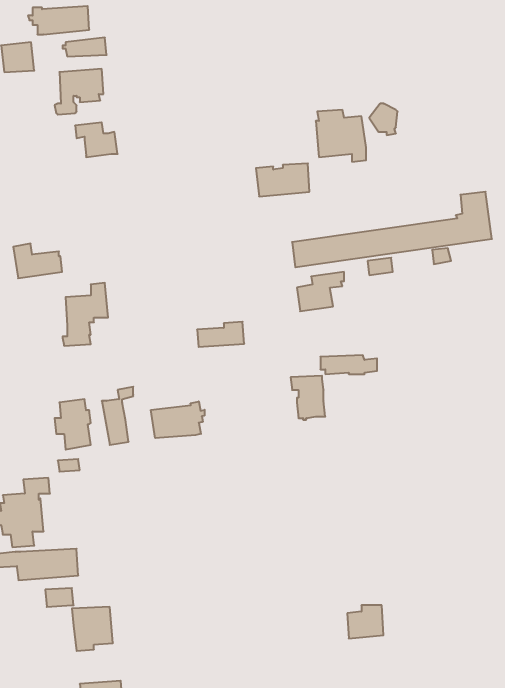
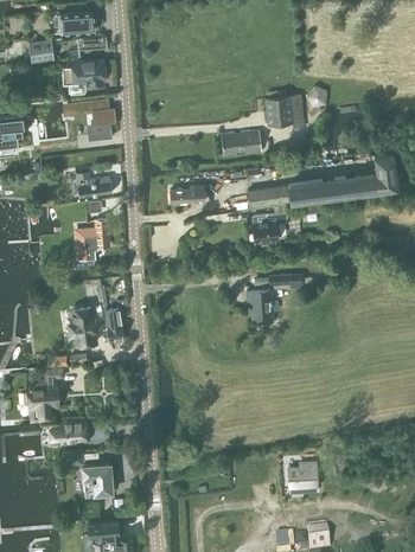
building: [13,244,62,278] -> [76,171,113,197]
building: [197,322,244,347] -> [170,184,205,203]
building: [151,401,205,438] -> none

